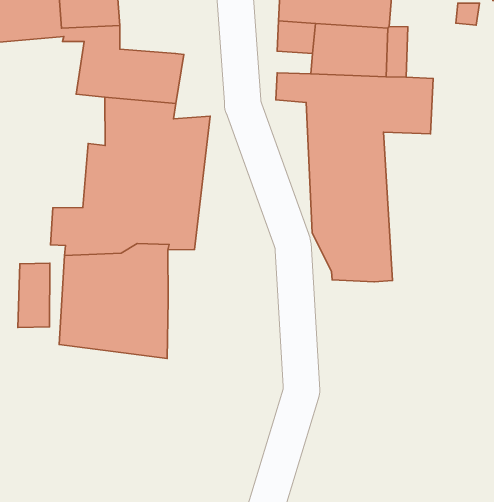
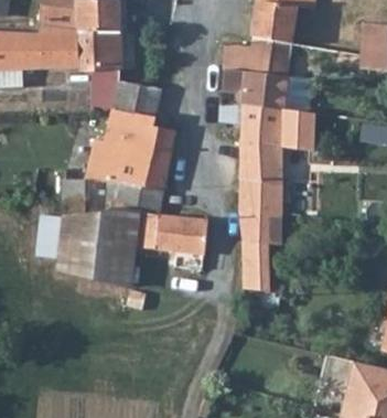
building: none -> [137,215,207,254]
building: none -> [246,243,283,292]

